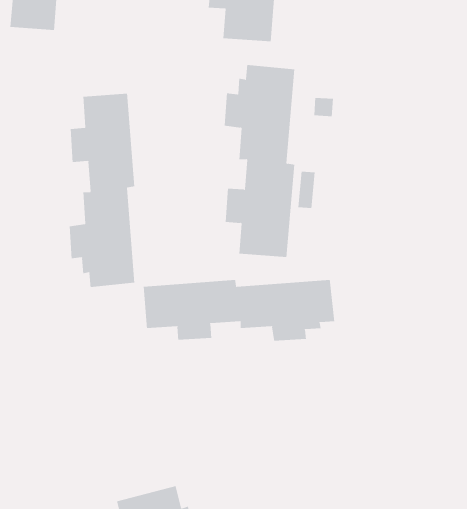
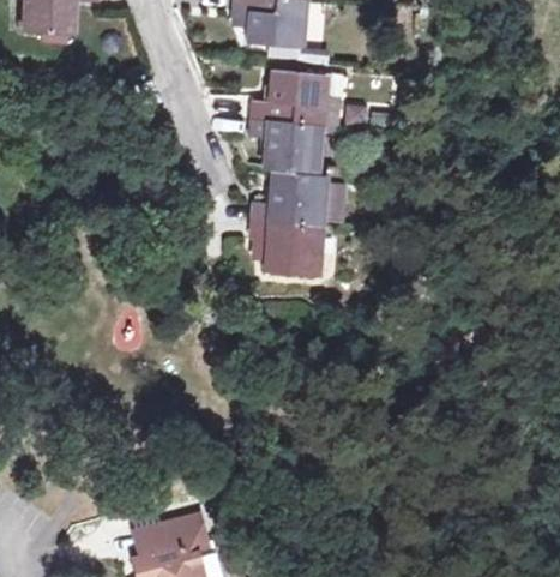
building: [69,93,135,288] -> none
building: [143,279,335,342] -> none

